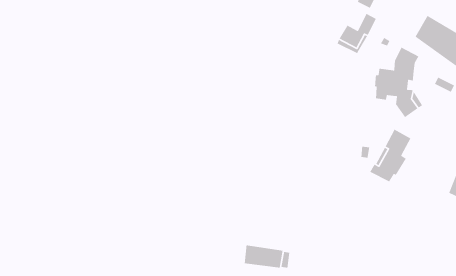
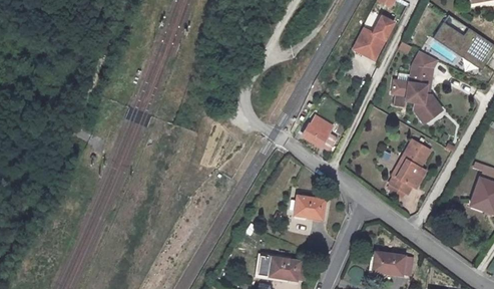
building: none -> [301,118,337,153]
building: none -> [294,196,325,219]
building: none -> [372,252,405,276]

